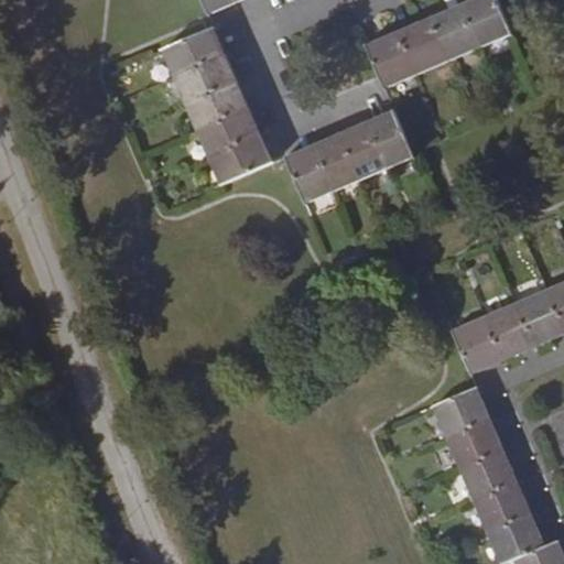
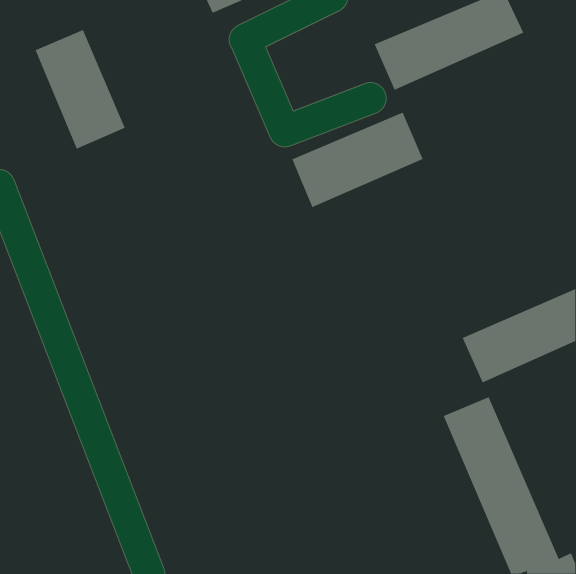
building: [161,26,272,184] -> none
building: none -> [35,29,126,150]

